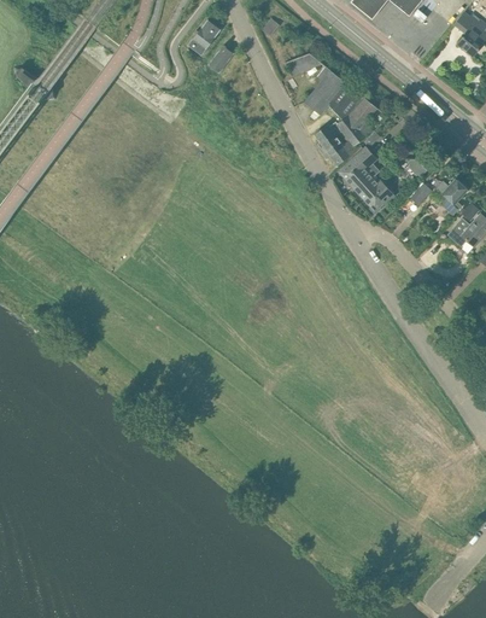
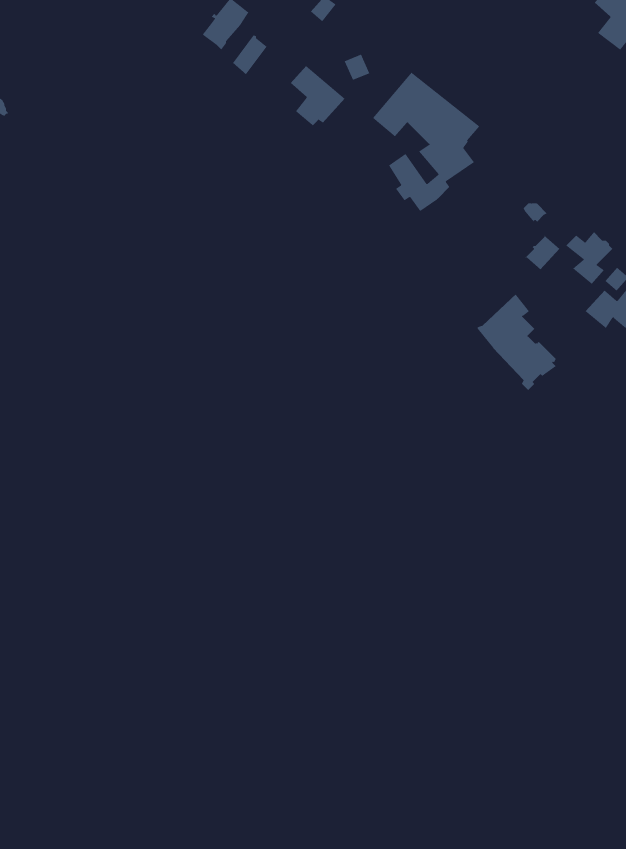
building: none -> [290,65,345,131]
building: [340,147,394,214] -> [477,293,556,391]

